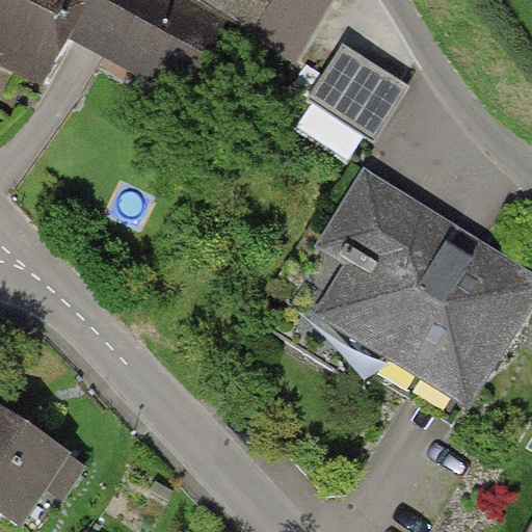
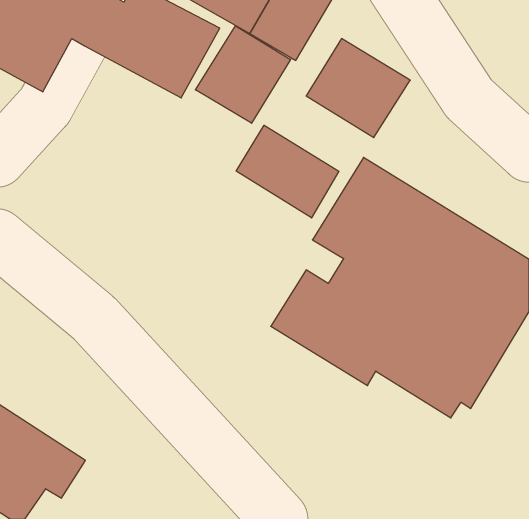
building: none -> [195,26,291,123]
building: none -> [236,125,339,218]

